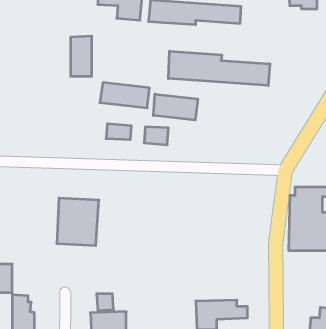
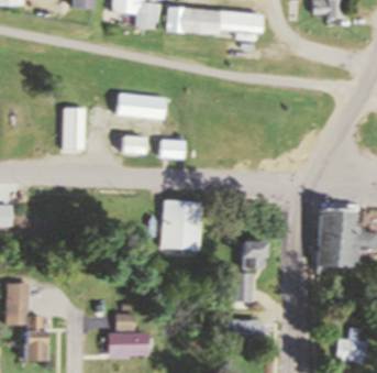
building: [71,36,92,76] -> [64,108,86,150]
building: [168,51,270,86] -> none
building: [153,94,198,120] -> none
building: [57,198,99,246] -> [160,200,204,250]
building: none -> [231,242,265,303]

